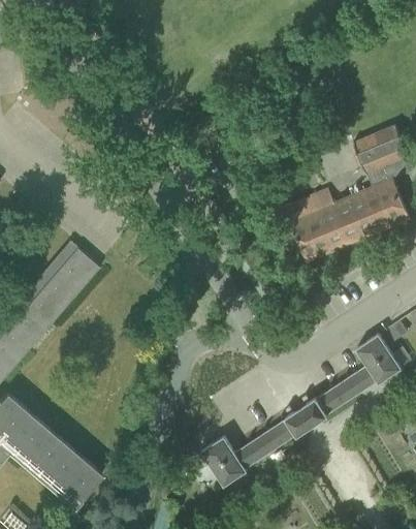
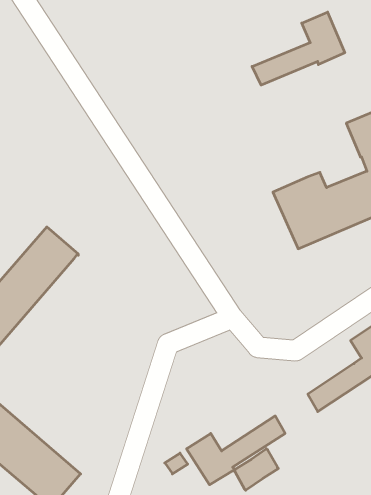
building: none -> [252,12,345,85]
building: [285,399,326,438] -> [235,449,278,490]

